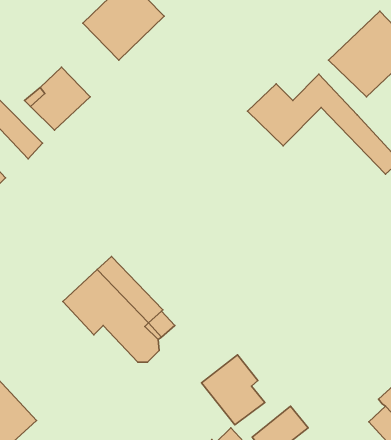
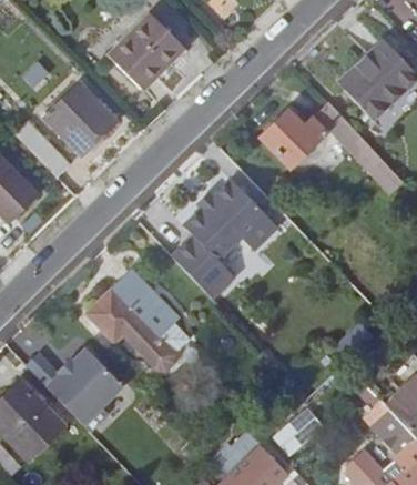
building: none -> [171,181,276,285]
building: none -> [45,347,123,432]
building: [201,355,265,425] -> none

